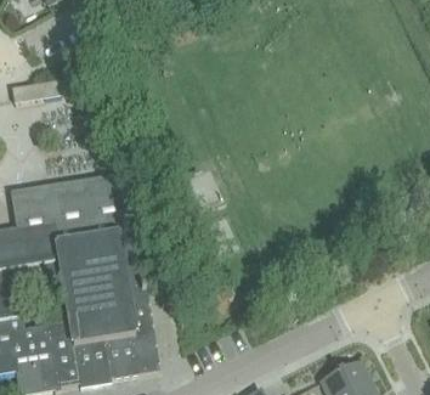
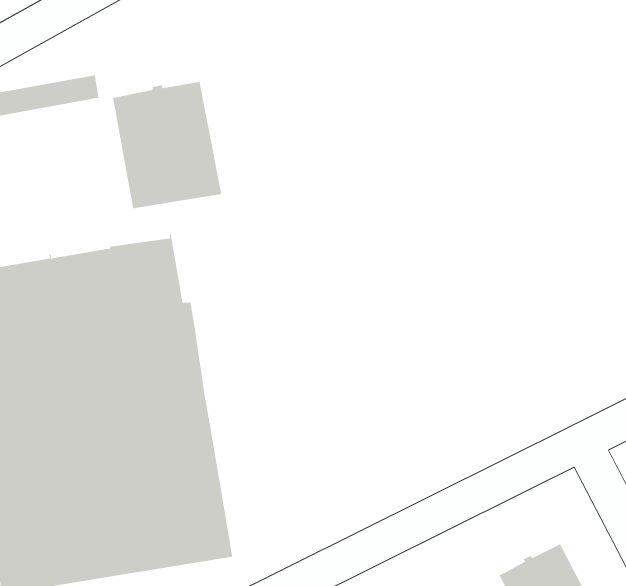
building: none -> [112,81,222,209]

